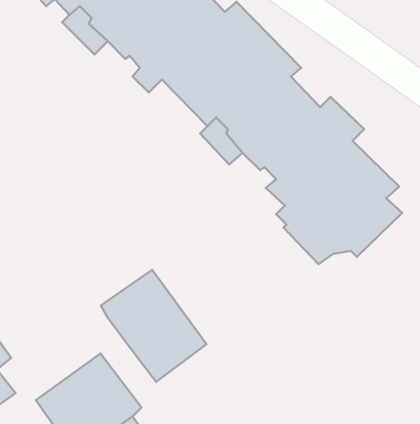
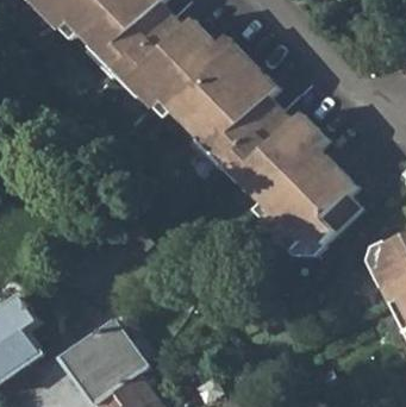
building: [101,270,206,382] -> none

